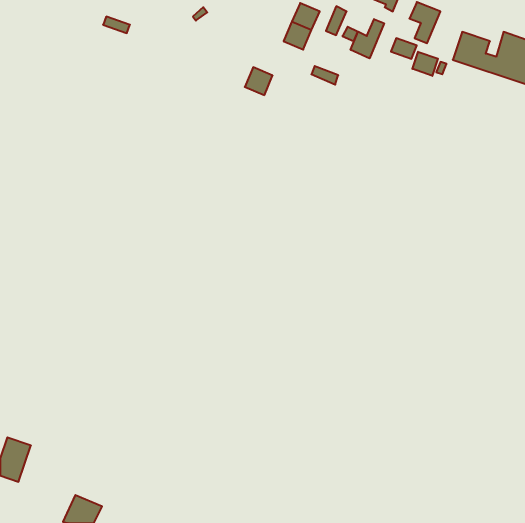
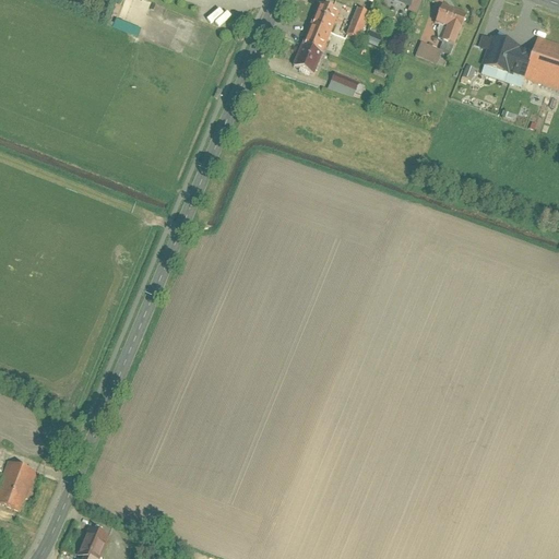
building: [351,19,384,58] -> none
building: [412,52,438,76] -> none
building: [245,67,273,95] -> [294,44,323,73]

